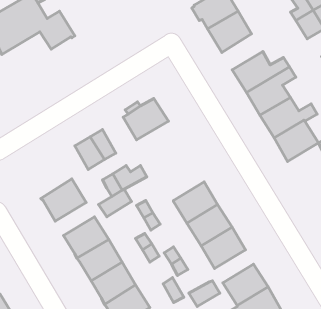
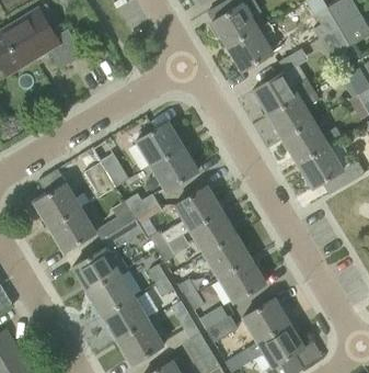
building: none -> [150,146,198,191]
building: none -> [34,183,81,228]
building: none -> [169,185,222,240]

